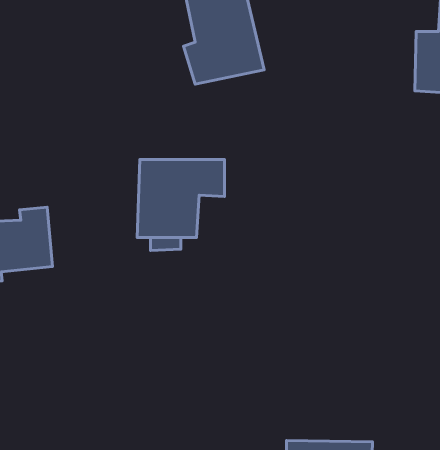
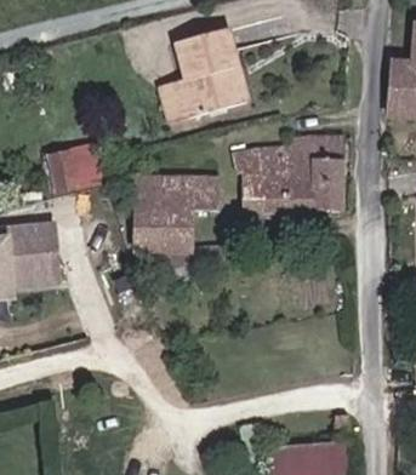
building: none -> [239,139,348,212]
building: none -> [45,144,98,193]

